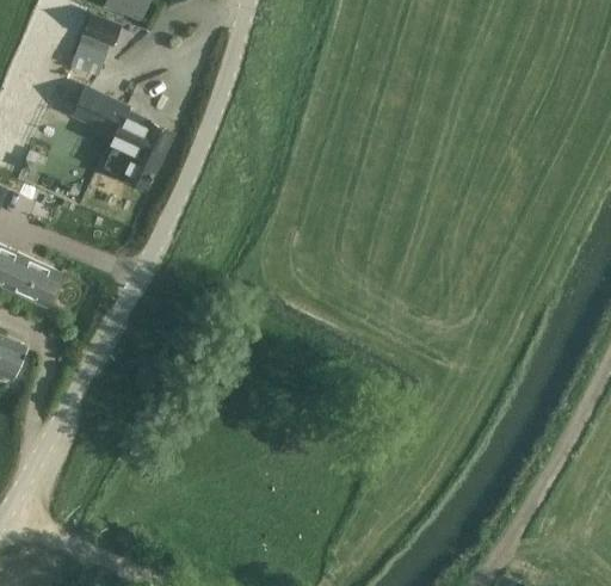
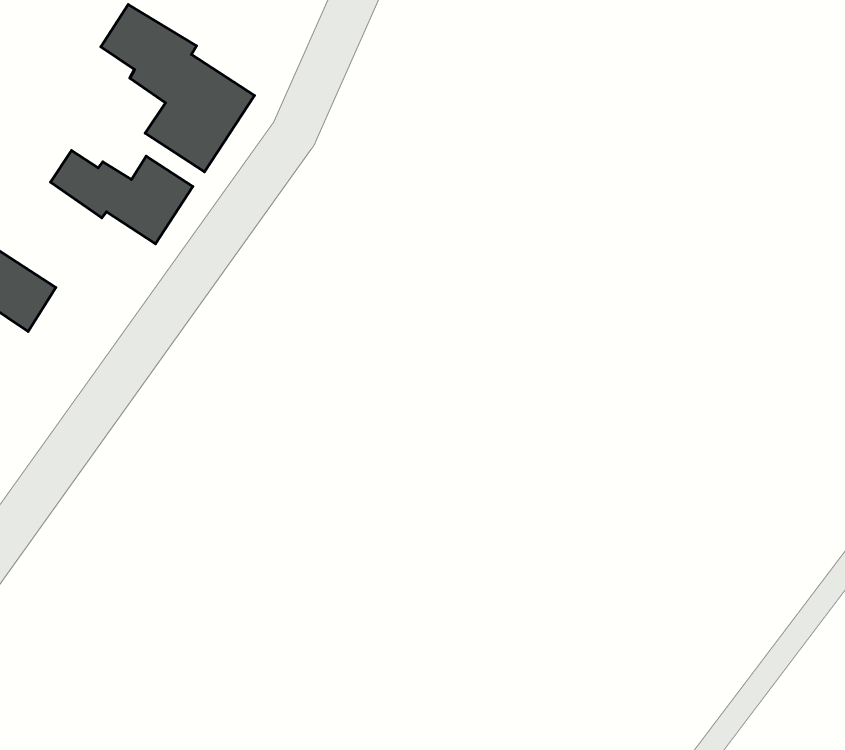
building: none -> [51,151,193,244]

